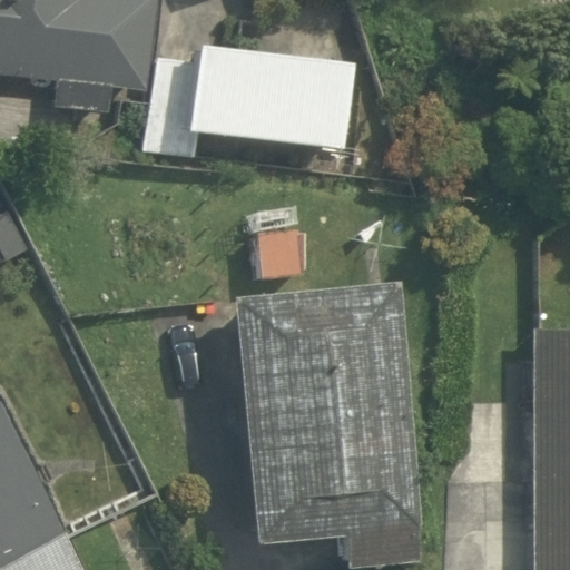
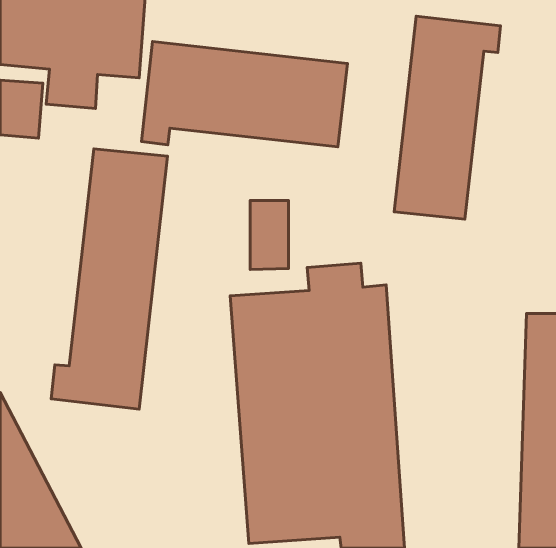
building: none -> [394,16,500,219]
building: none -> [51,149,167,409]

